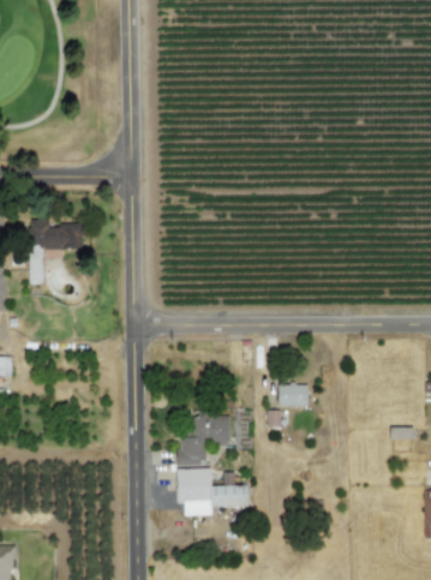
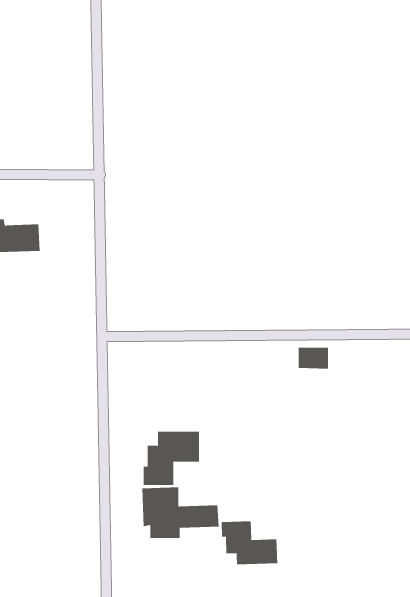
building: [279,385,307,406] -> [298,347,329,369]
building: none -> [221,521,278,565]

